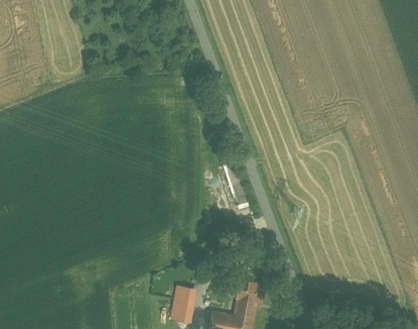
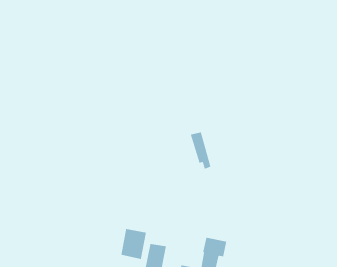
building: none -> [121,228,147,260]

